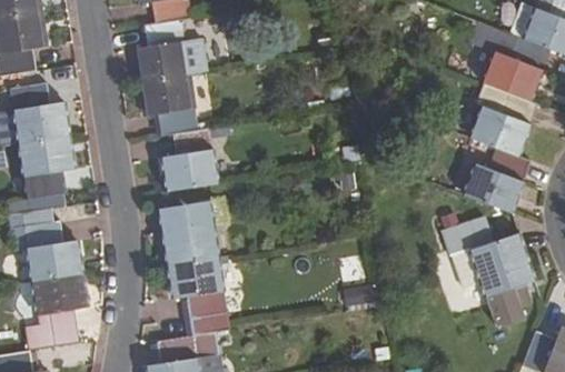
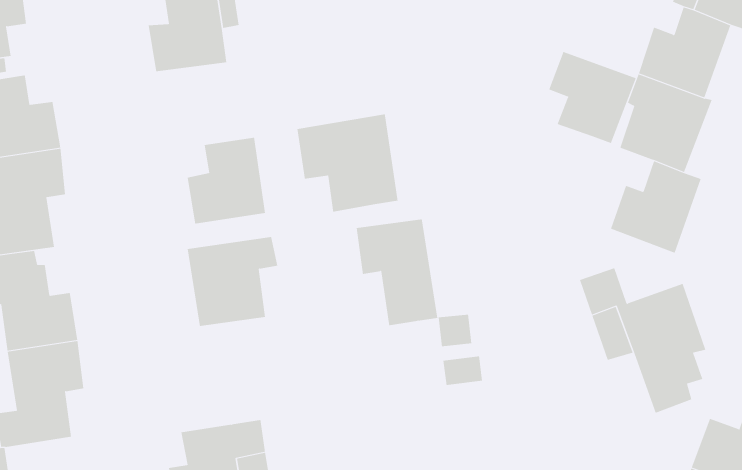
building: none -> [549,51,636,144]
building: [138,74,197,134] -> none
building: none -> [297,113,398,213]
building: [169,257,228,333] -> [356,219,438,326]

